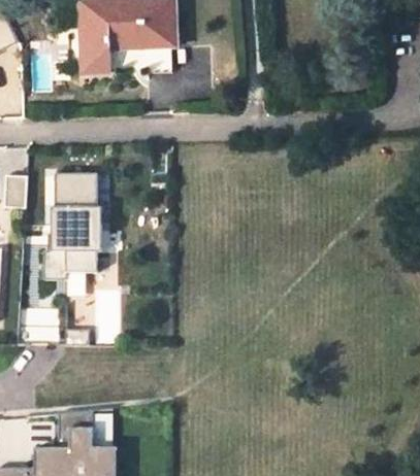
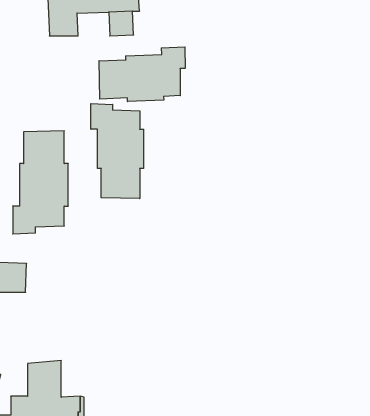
building: none -> [99,47,185,102]
building: none -> [91,104,144,199]

